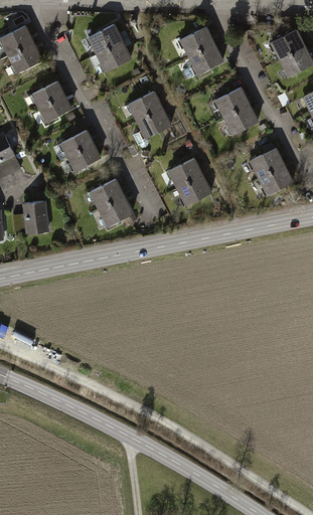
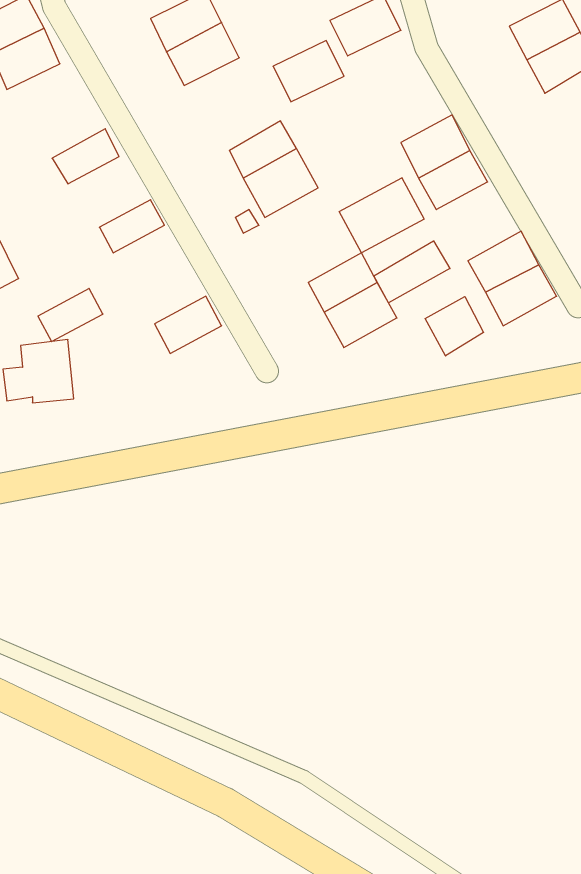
building: [188,43,224,74] -> [273,41,344,102]
building: [31,81,64,109] -> none
building: none -> [339,178,424,253]
building: [68,143,102,170] -> [38,288,103,342]
building: none -> [374,241,450,303]
building: none -> [425,297,484,356]
building: [98,194,135,227] -> none

